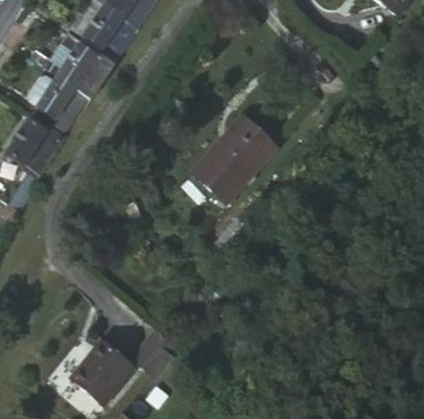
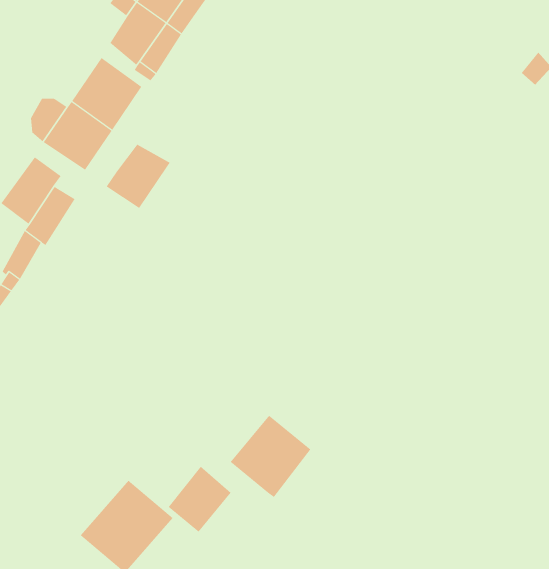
building: none -> [106,144,171,209]
building: [189,114,275,204] -> none
building: none -> [230,415,311,498]

